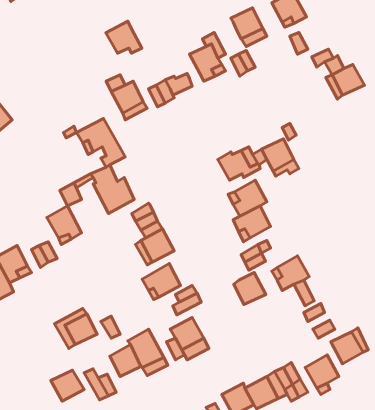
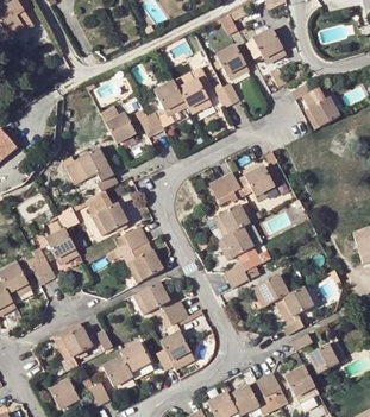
building: [106,21,142,53] -> [153,80,187,109]
building: [234,273,266,305] -> [283,285,313,315]

